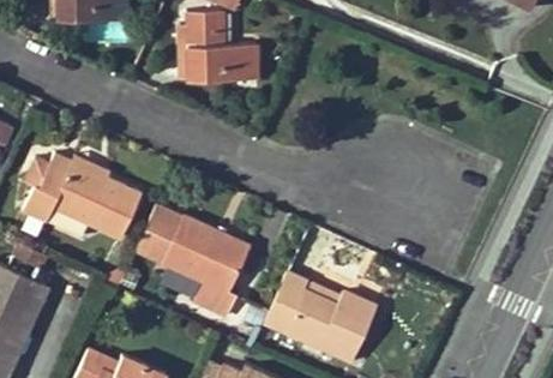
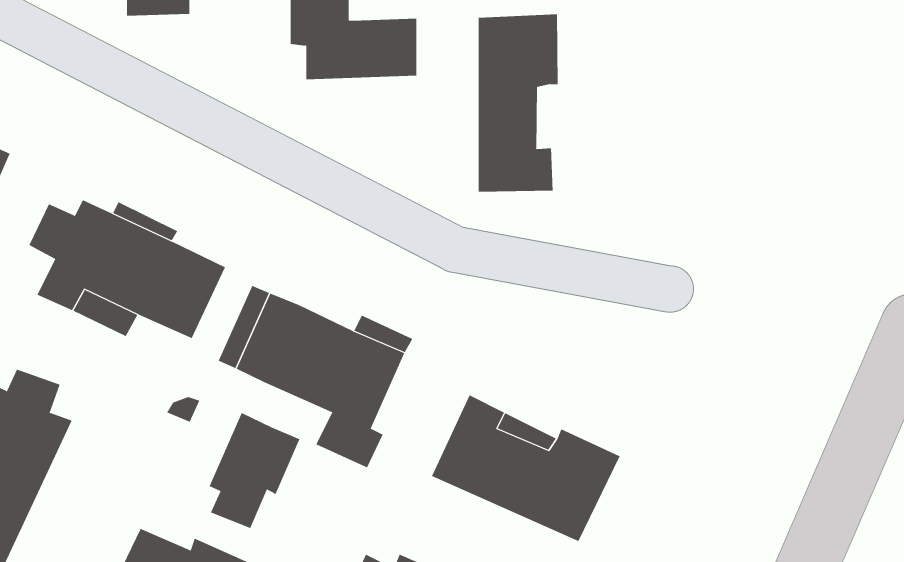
building: none -> [478,14,558,192]
building: none -> [209,412,300,529]

